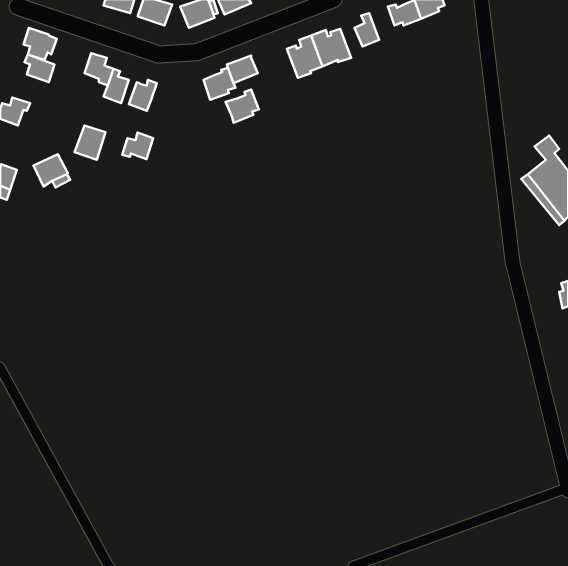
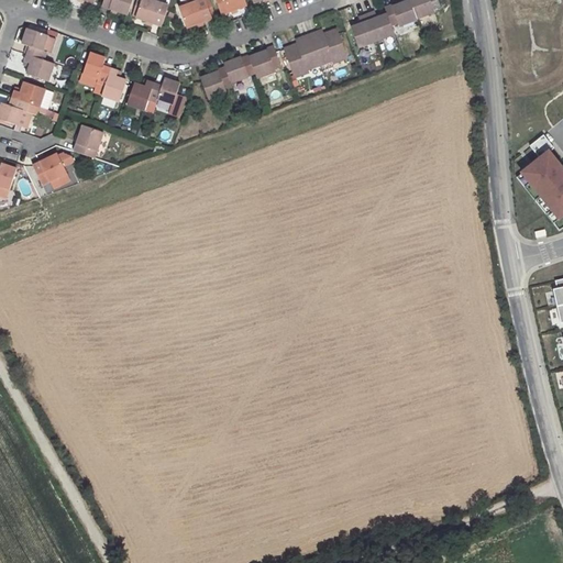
building: none -> [365,10,394,40]
building: none -> [12,80,46,106]
building: [226,89,259,123] -> [249,45,282,78]
building: [122,133,153,159] -> [150,77,180,103]

